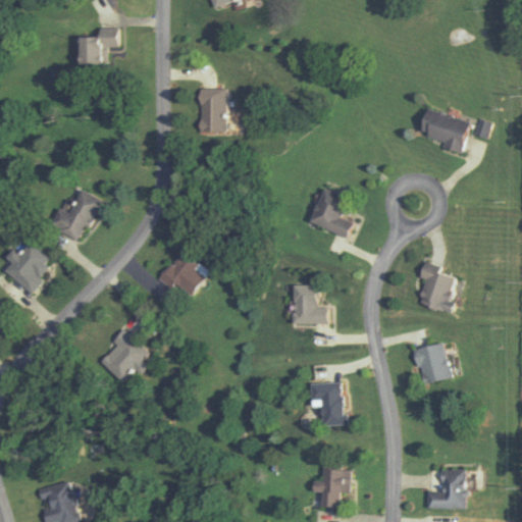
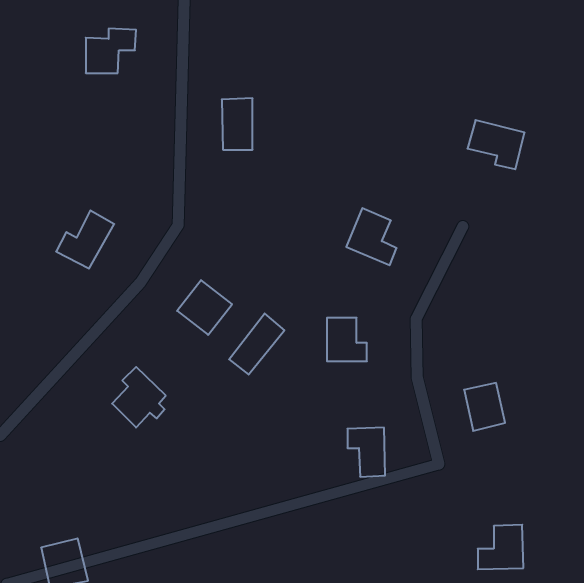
building: [4,241,54,292] -> none
building: [418,261,456,312] -> none
building: none -> [229,313,284,375]
building: [310,464,349,507] -> none

